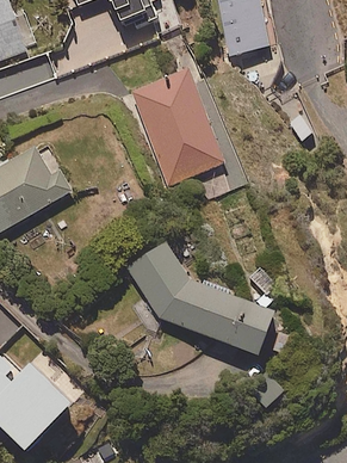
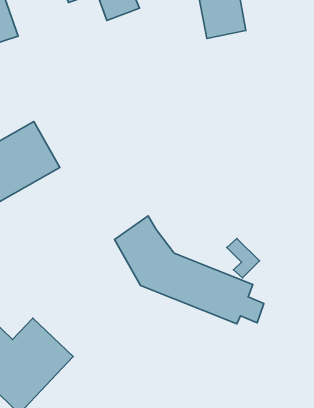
building: [130,68,221,183] -> none

